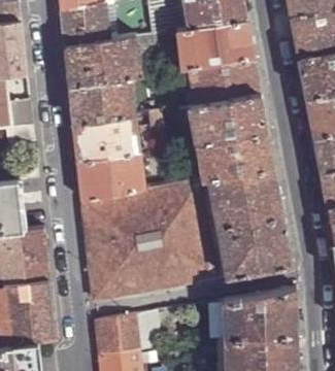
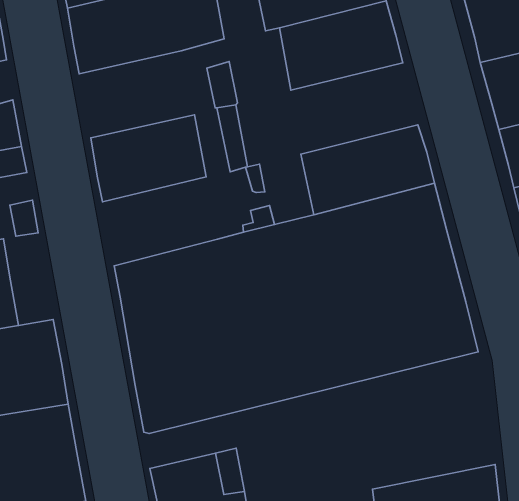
building: [68,75,134,123] -> none
building: [189,92,265,141] -> none
building: [76,150,142,199] -> none
building: [222,285,296,341] -> none

